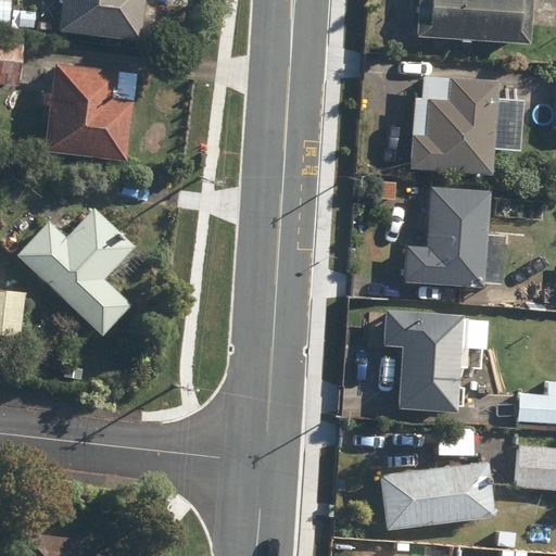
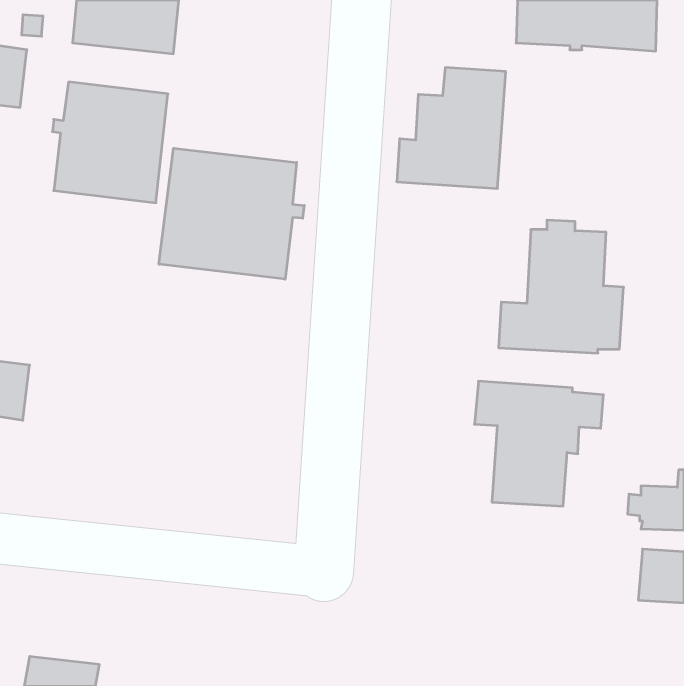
building: [410,75,498,173] -> [397,68,506,188]
building: none -> [159,148,304,279]
building: [16,211,135,338] -> none
building: [378,458,494,529] -> none

